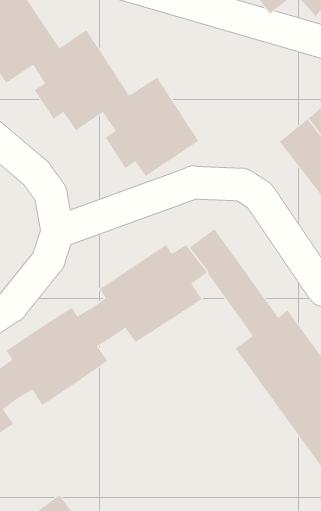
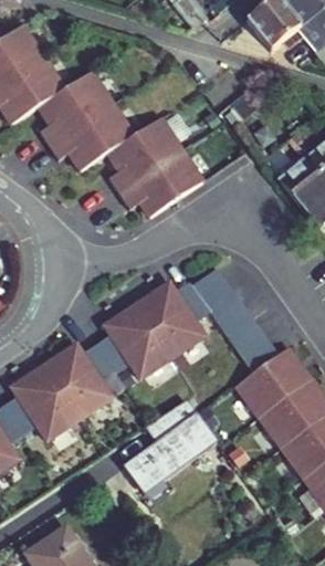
building: none -> [125,398,218,493]

